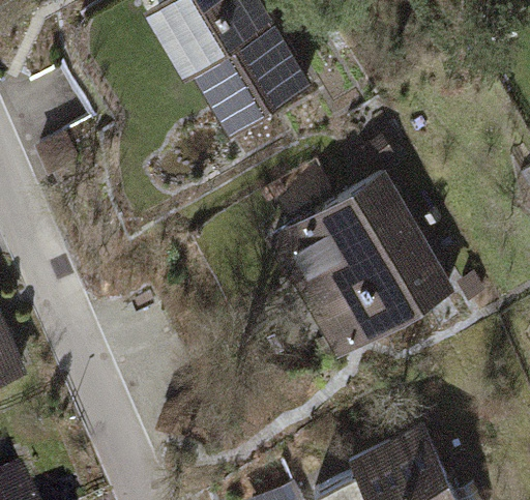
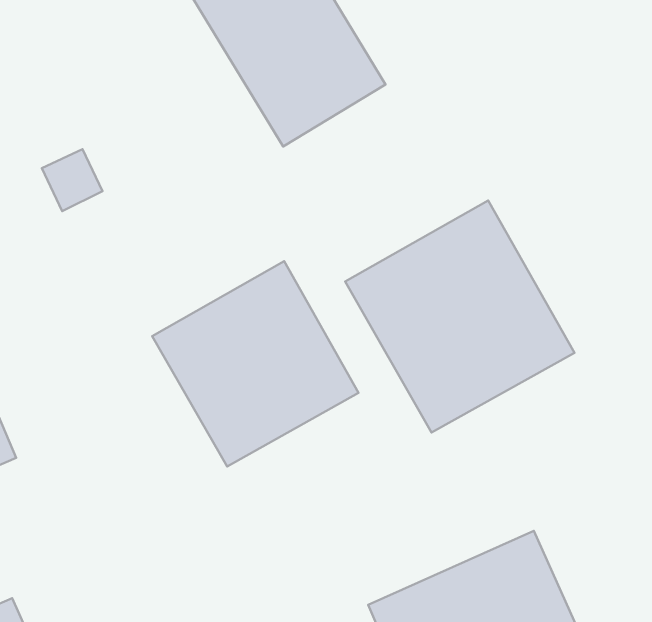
building: none -> [152,261,359,467]

